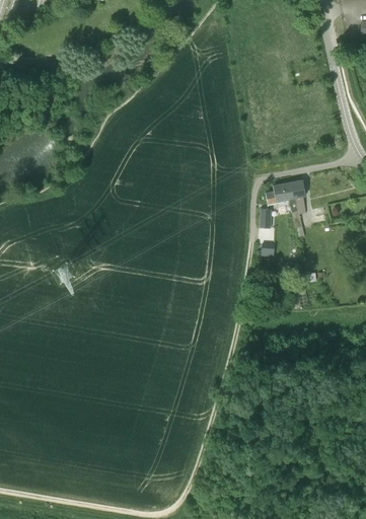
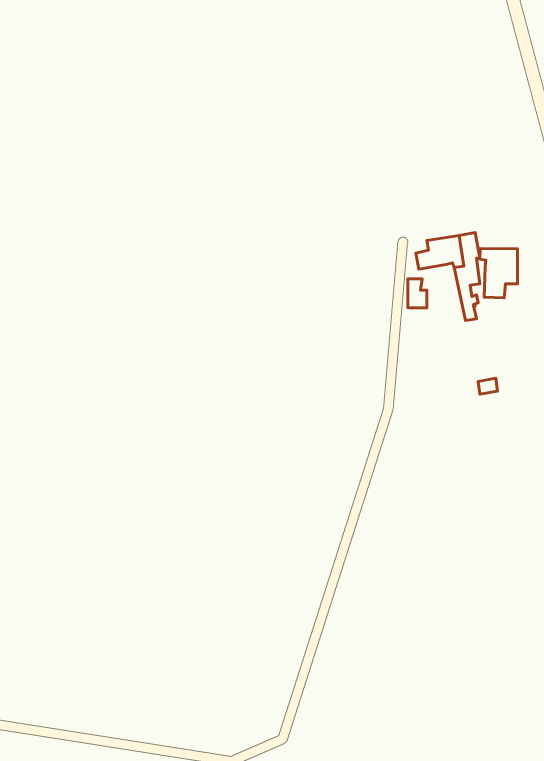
building: none -> [480,249,517,298]

